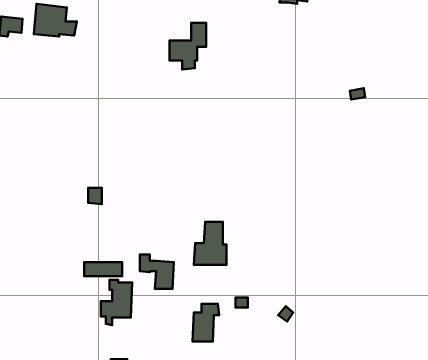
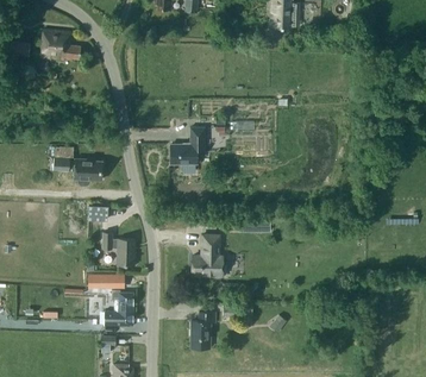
building: [170,23,206,69] -> [170,127,205,171]
building: none -> [54,157,102,186]
building: [140,255,174,289] -> [102,232,134,264]

